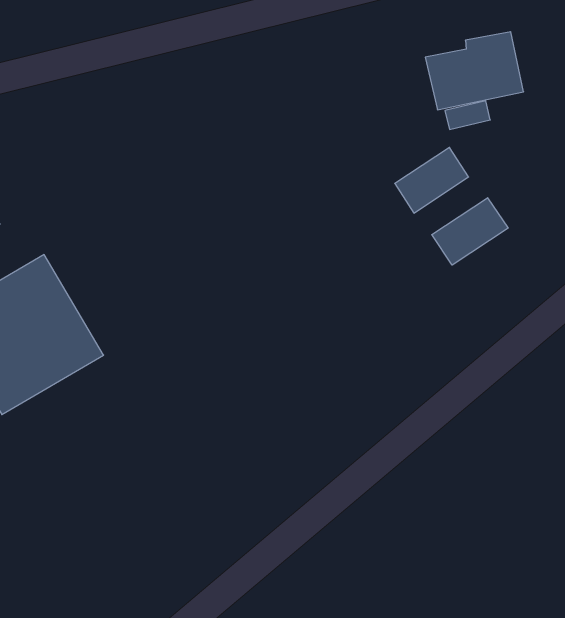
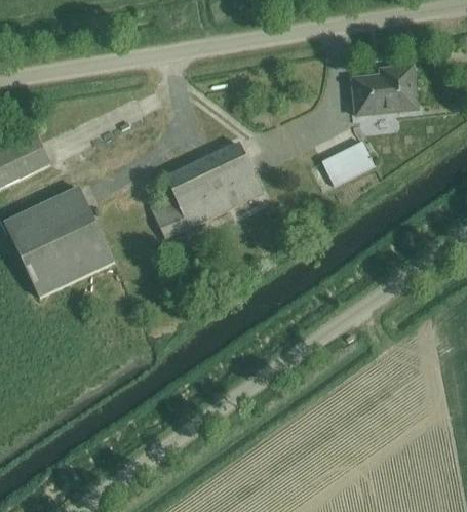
building: none -> [158,142,264,236]
building: [432,198,508,265] -> none

